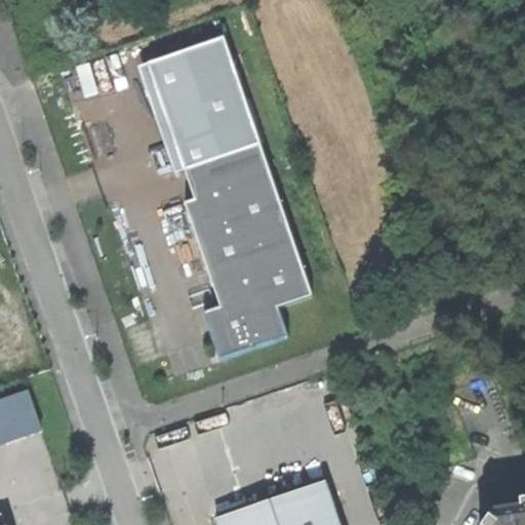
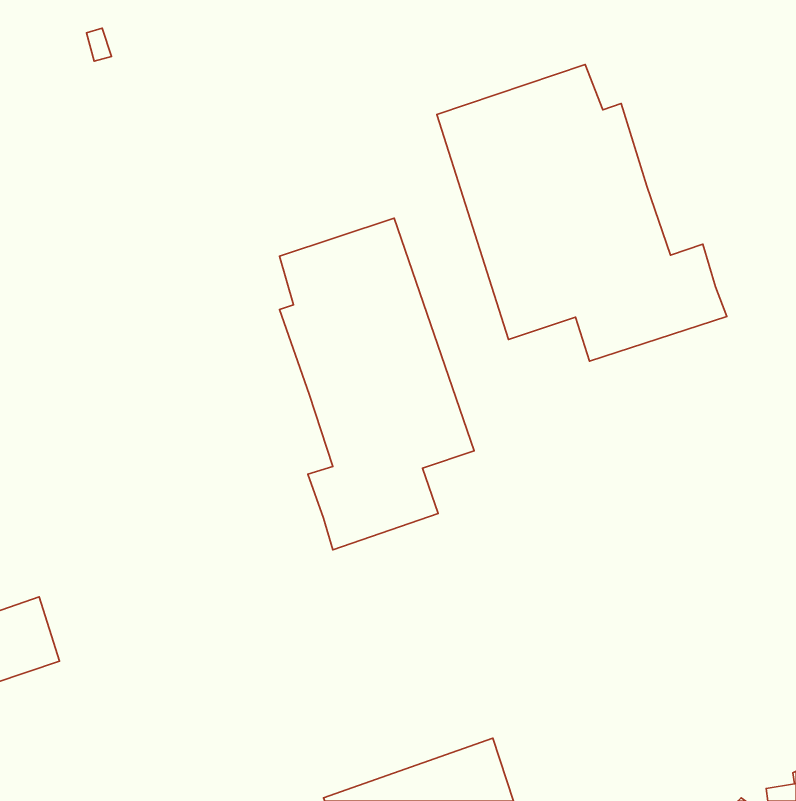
building: [148,38,257,167] -> none
building: none -> [437,64,727,361]

